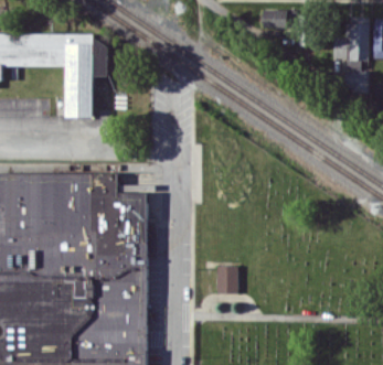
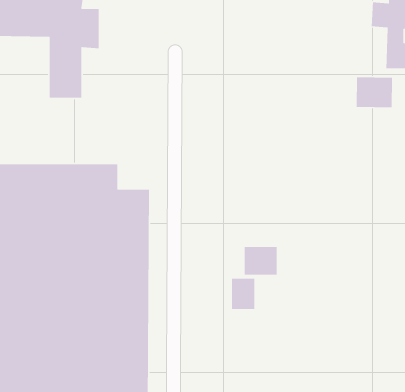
building: none -> [356,77,393,108]
building: none -> [244,246,278,275]

